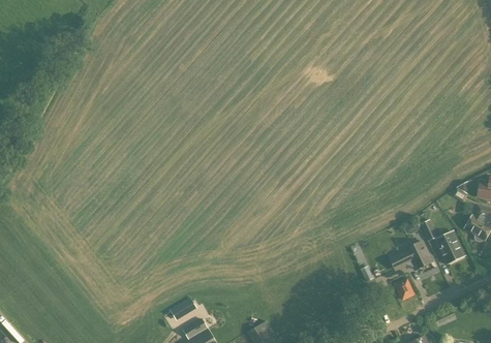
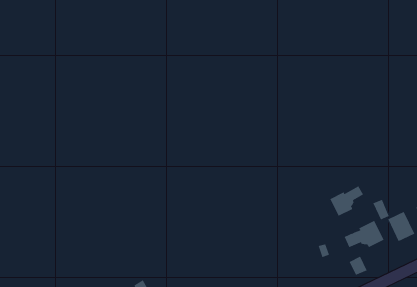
building: none -> [329,185,364,217]

